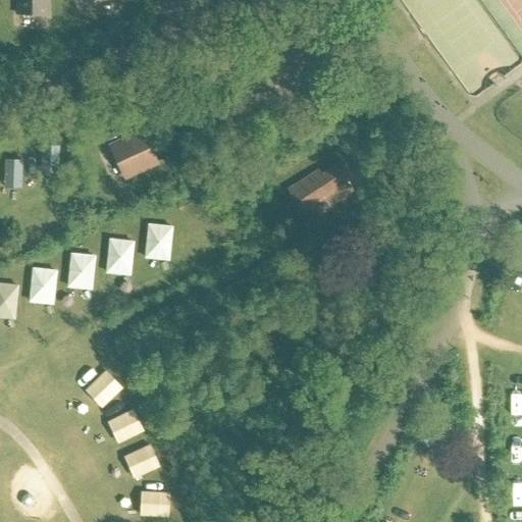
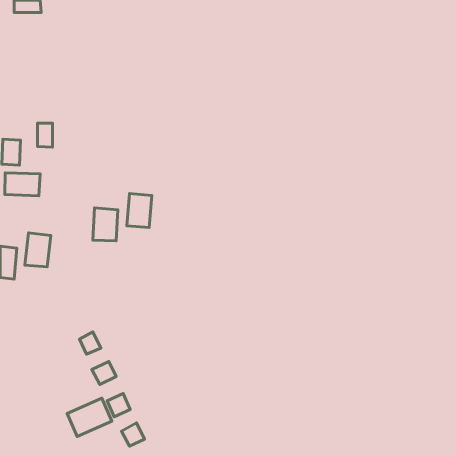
building: [110,132,156,177] -> none
building: [289,162,355,216] -> none
building: none -> [5,173,40,196]
building: [68,252,98,290] -> none
building: none -> [67,398,112,437]

